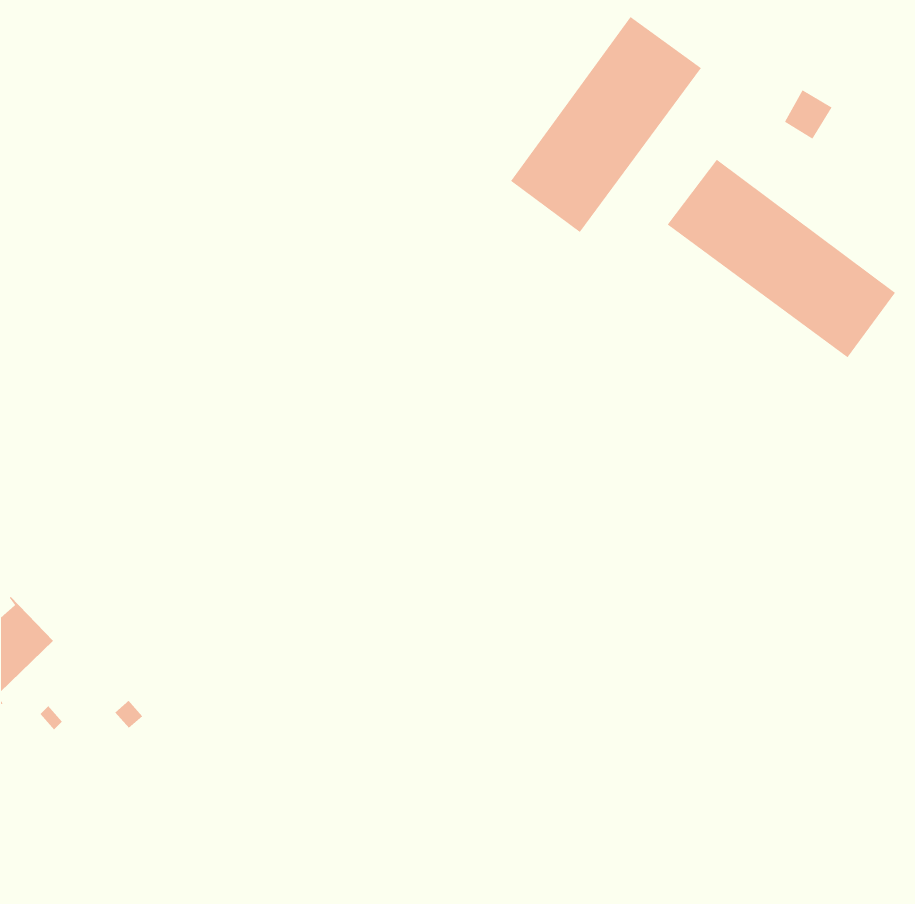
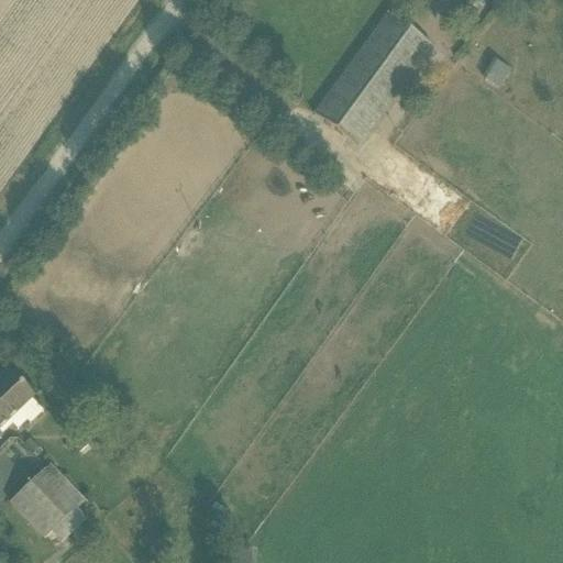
building: [667,159,896,358] -> none
building: none -> [9,461,86,539]

